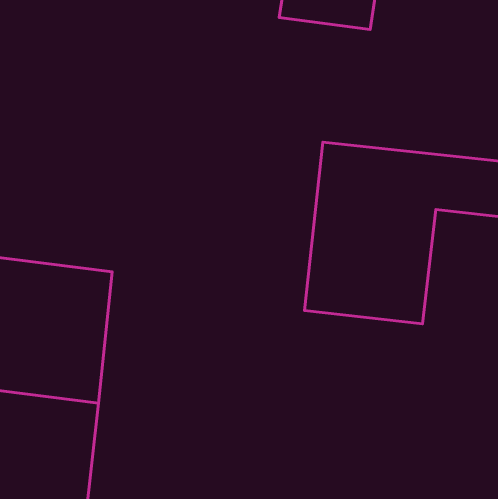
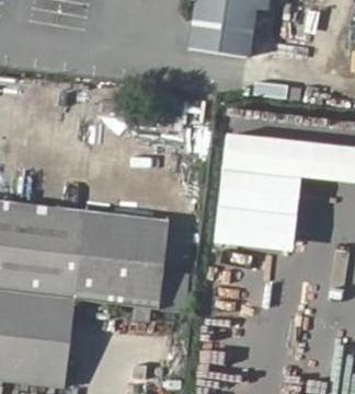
building: none -> [73,212,172,308]

